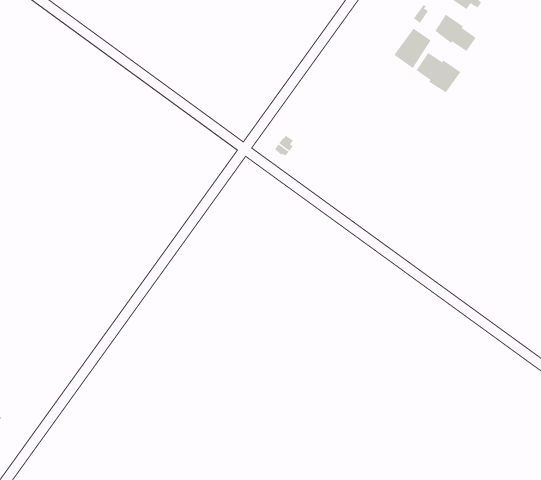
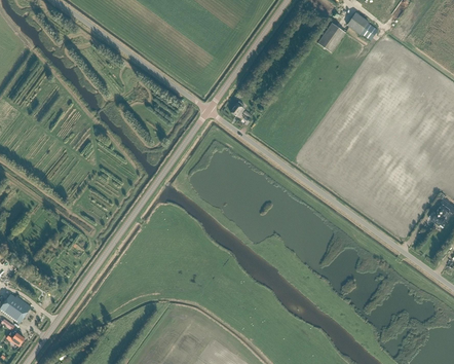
building: [416,52,461,93] -> none

